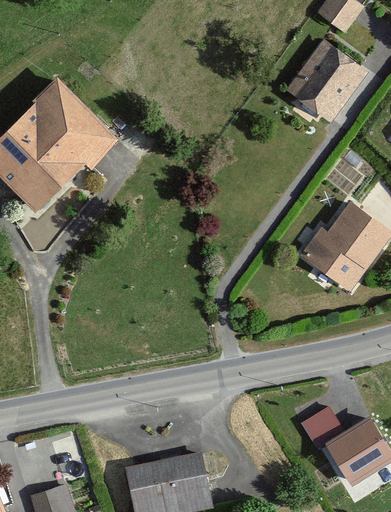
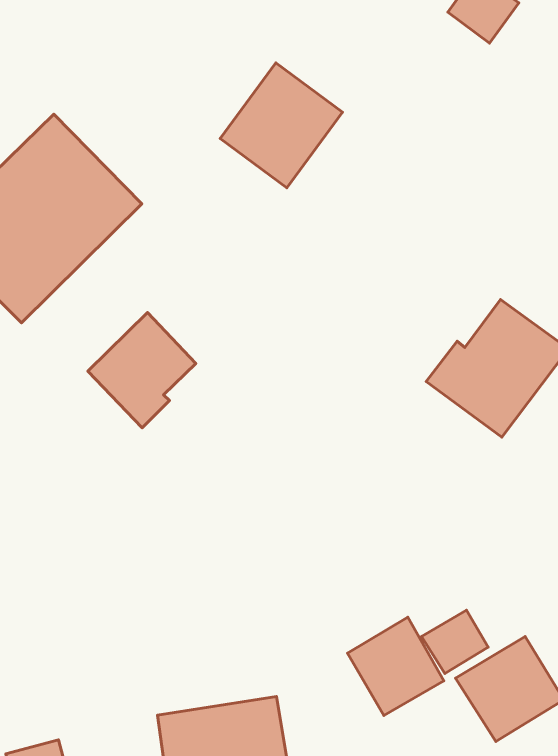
building: [287,39,366,120] -> [220,63,342,188]
building: none -> [88,313,196,428]
building: none -> [347,617,444,716]

